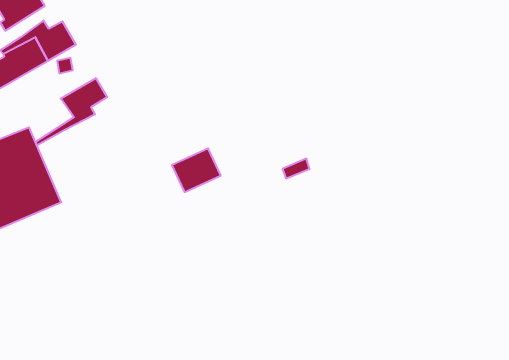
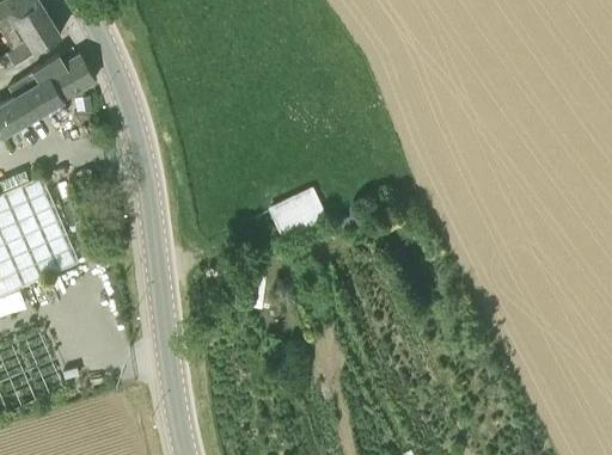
building: [36,78,107,145] -> none
building: [172,148,221,192] -> [270,192,326,242]

